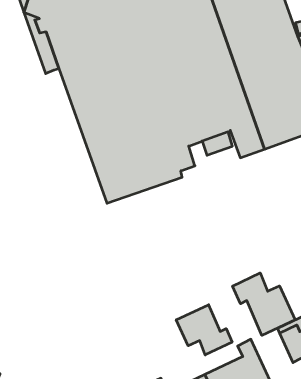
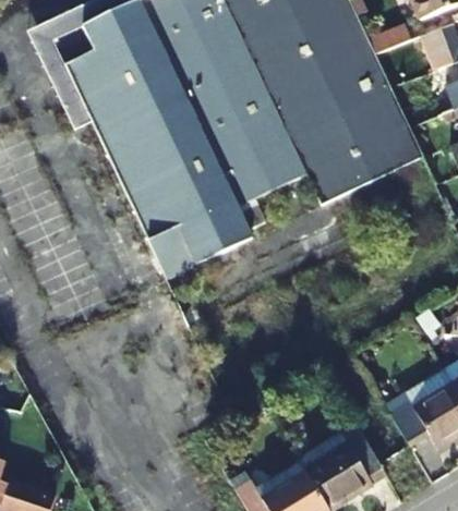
building: [233,273,295,335] -> none
building: [176,305,232,355] -> none

